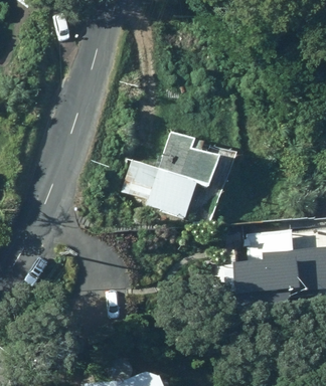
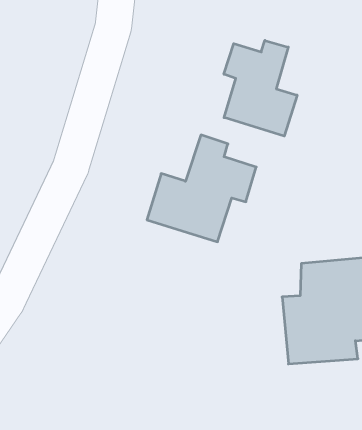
building: none -> [224,40,297,136]

